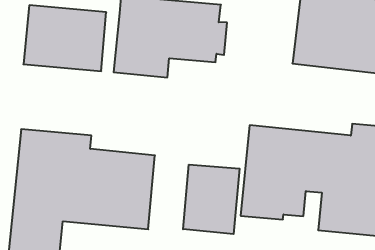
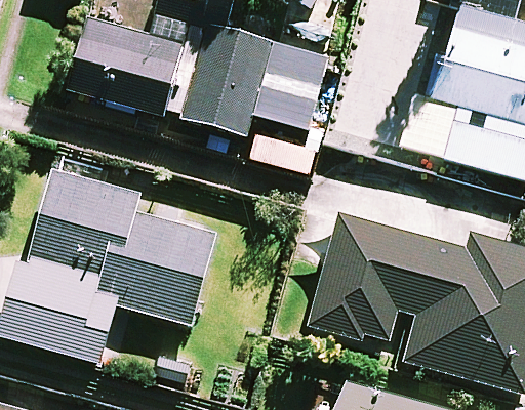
building: [183,165,240,234] -> none

